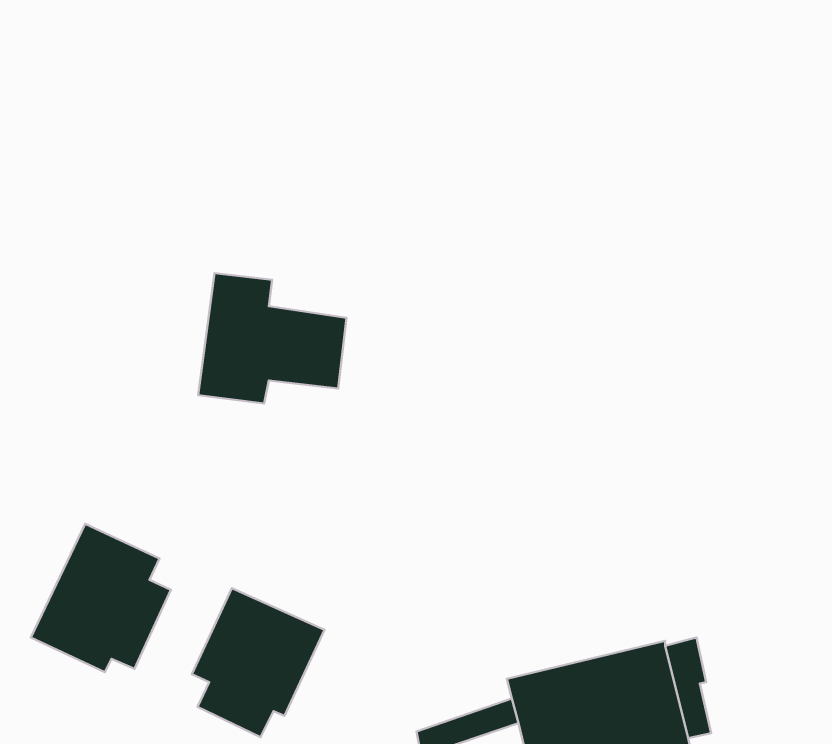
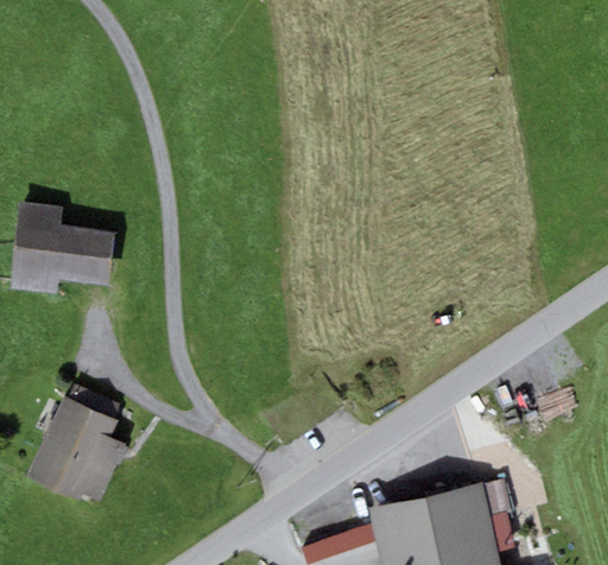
building: [198,273,346,403] -> [7,202,114,296]
building: [192,588,325,737] -> none

